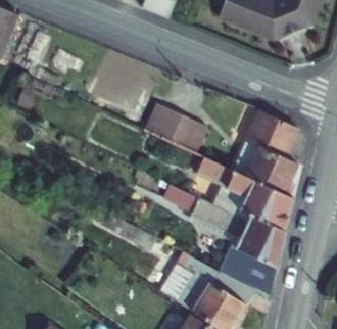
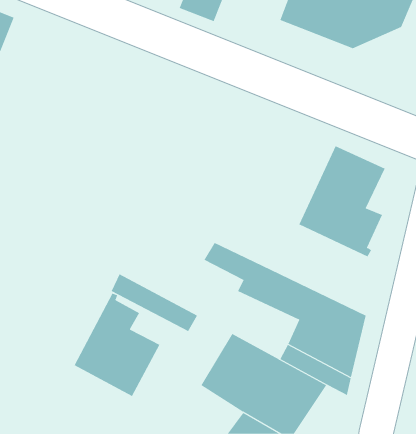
building: [146,104,208,154] -> none
building: [196,157,294,239] -> none
building: none -> [74,293,160,397]

